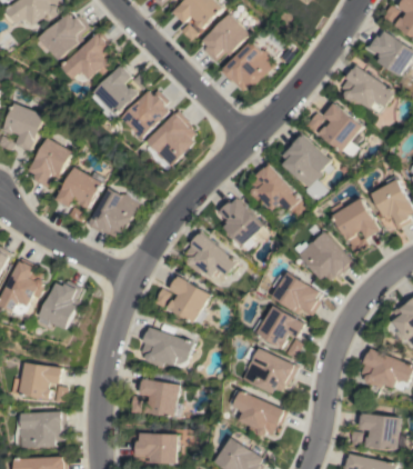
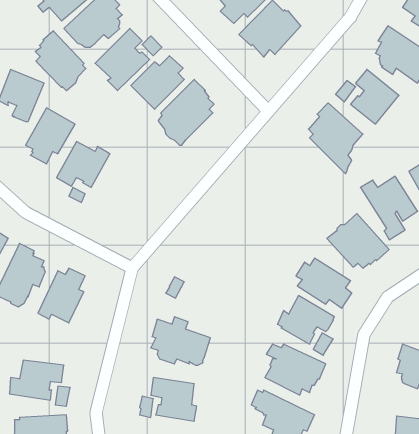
building: none -> [35,31,86,91]
building: [249,162,309,220] -> none
building: [85,188,139,237] -> none
building: [215,198,265,250] -> none
building: [183,229,236,277] -> none
building: [168,276,210,323] -> none

